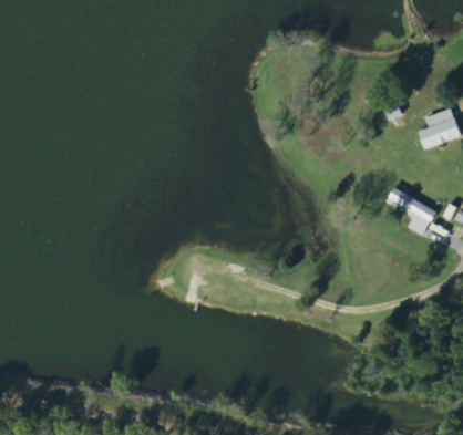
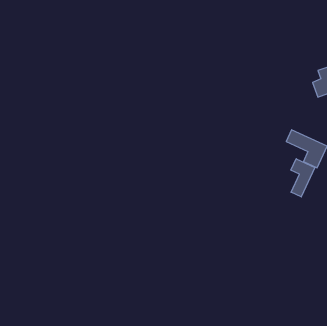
building: none -> [291,159,315,197]

